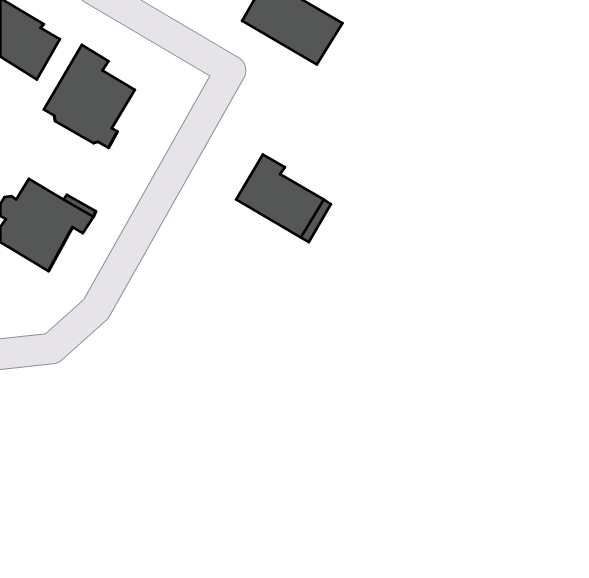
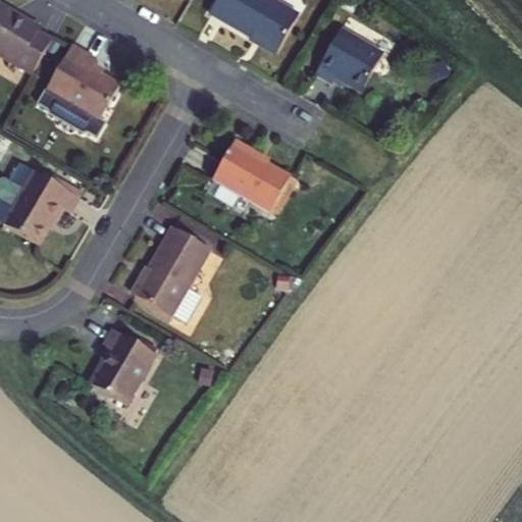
building: none -> [320,35,387,97]
building: none -> [129,226,204,321]
building: none -> [87,326,151,400]

